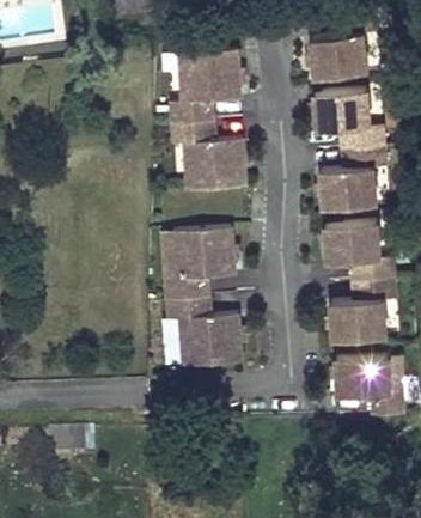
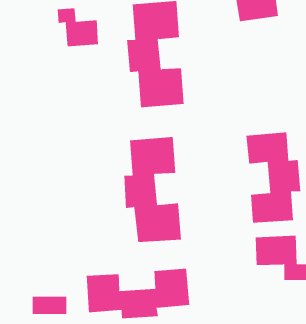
building: none -> [57,7,99,47]
building: [313,89,384,207] -> none
building: none -> [86,268,190,319]

